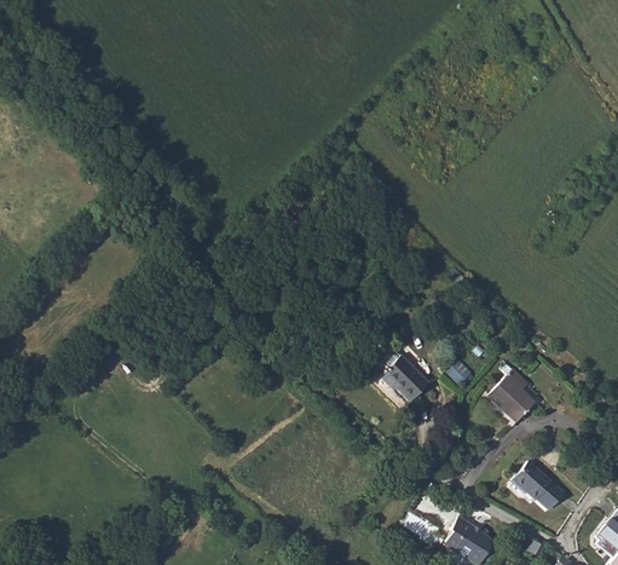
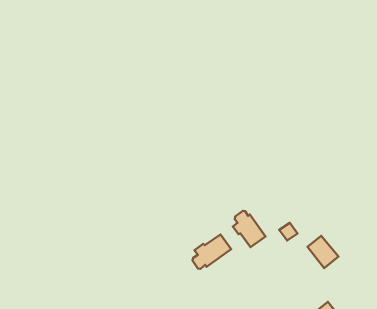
building: none -> [193,234,231,269]

